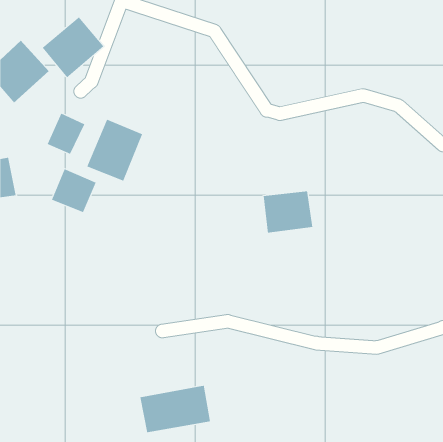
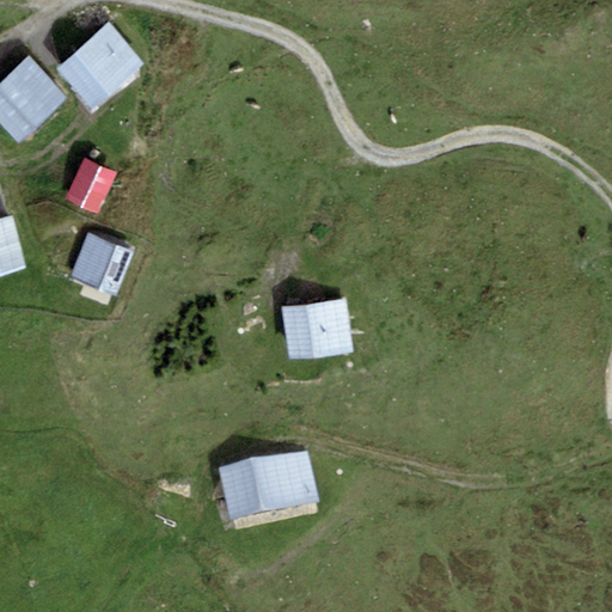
building: [87,119,143,182] -> none
building: [263,191,313,233] -> [282,298,351,356]
building: [139,385,211,433] -> [216,449,314,515]

